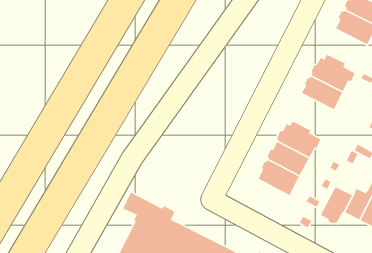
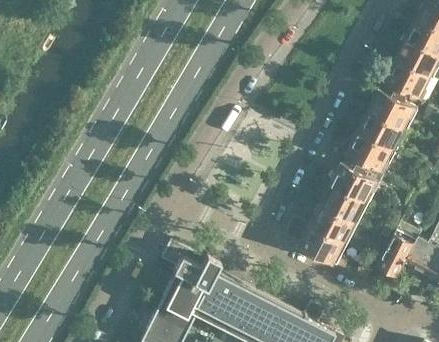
building: none -> [385,61,433,101]
building: none -> [347,132,396,174]
building: none -> [300,227,347,269]

